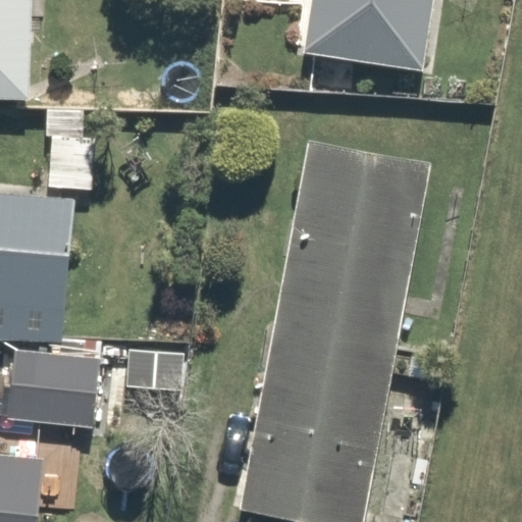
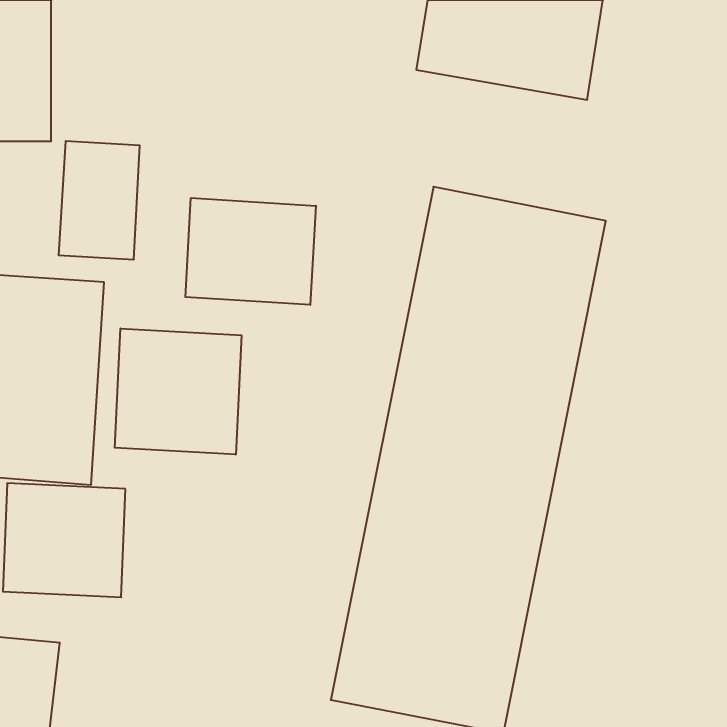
building: none -> [185,198,316,305]
building: none -> [115,328,241,455]

